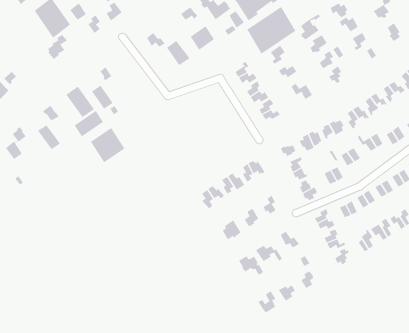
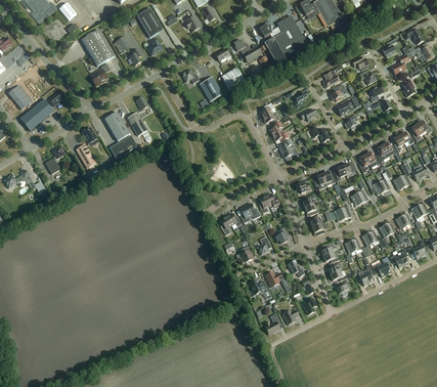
building: [246,6,296,54] -> none
building: [90,127,125,163] -> none

